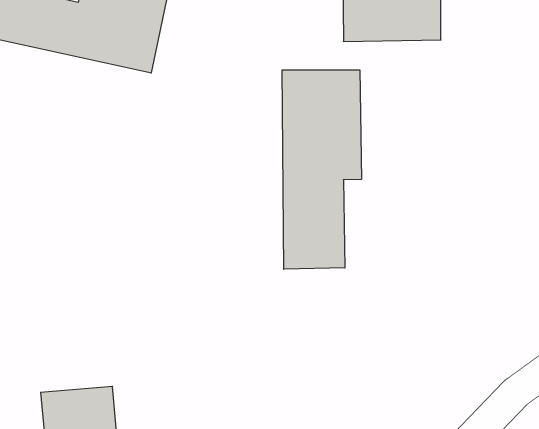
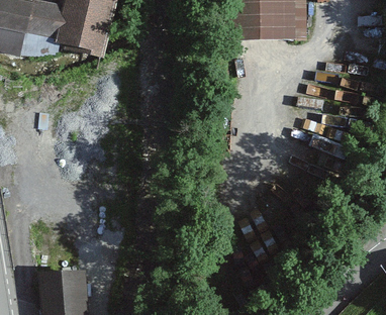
building: [282,70,361,269] -> none

